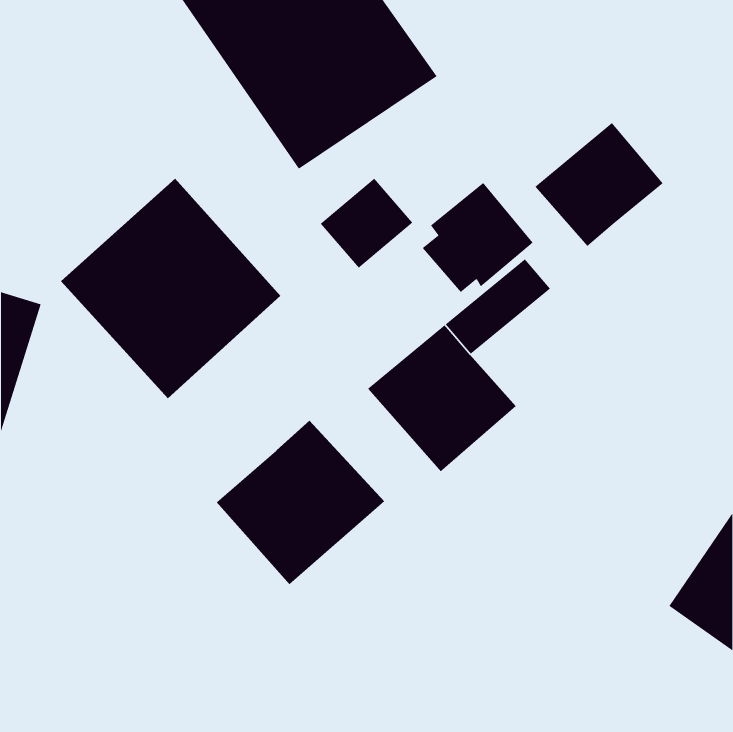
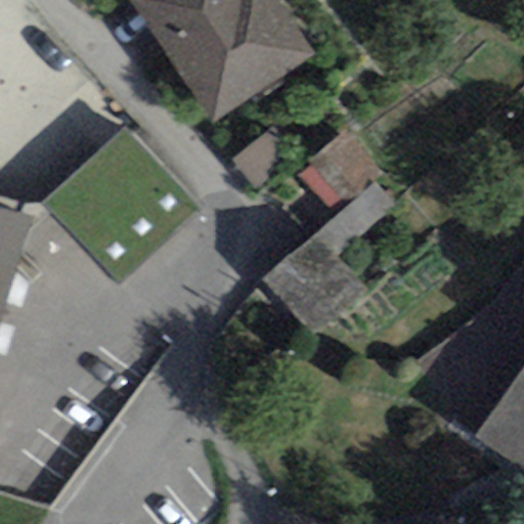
building: [534,122,664,247] -> none
building: [216,420,385,585] -> none

